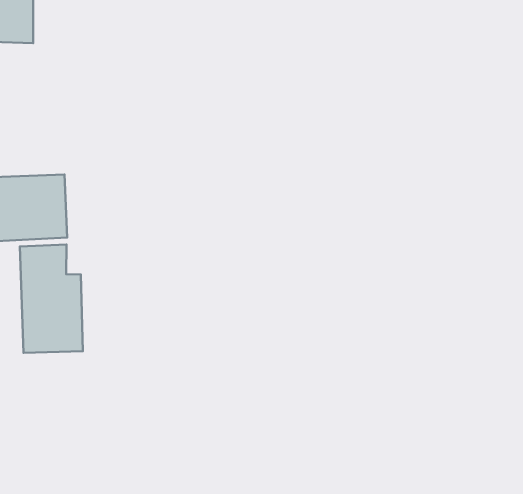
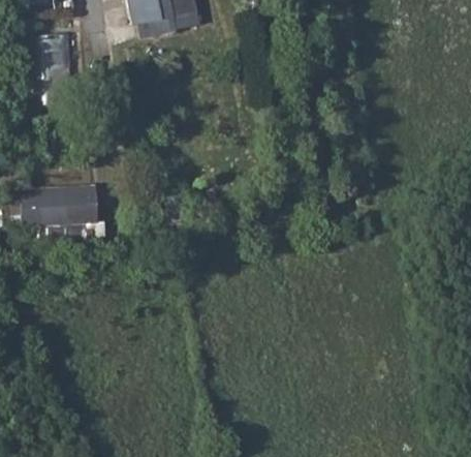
building: [20,244,83,353] -> none

